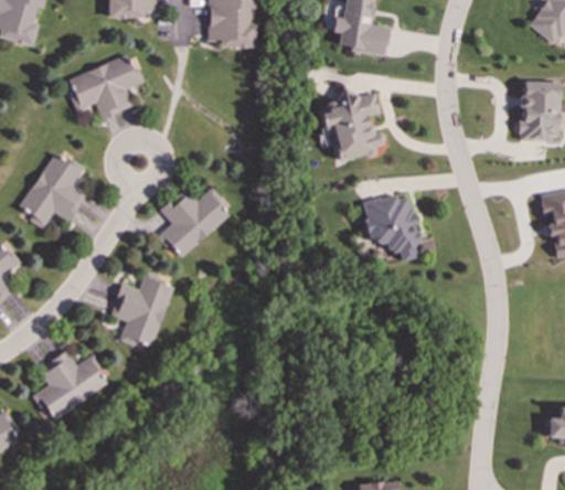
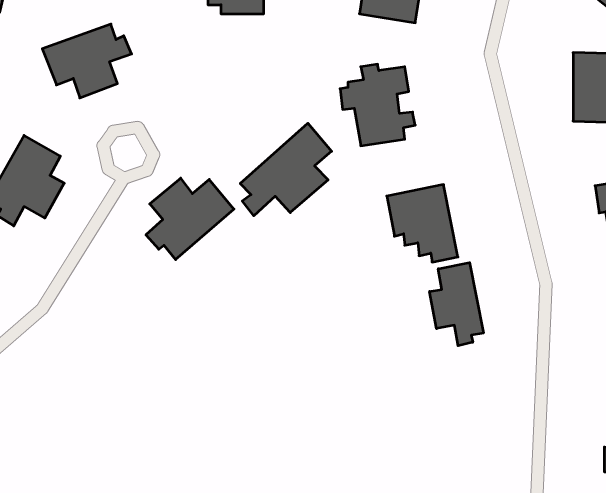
building: none -> [240,123,332,216]
building: none -> [430,263,483,346]
building: [109,270,172,347] -> none
building: [36,351,109,418] -> none

